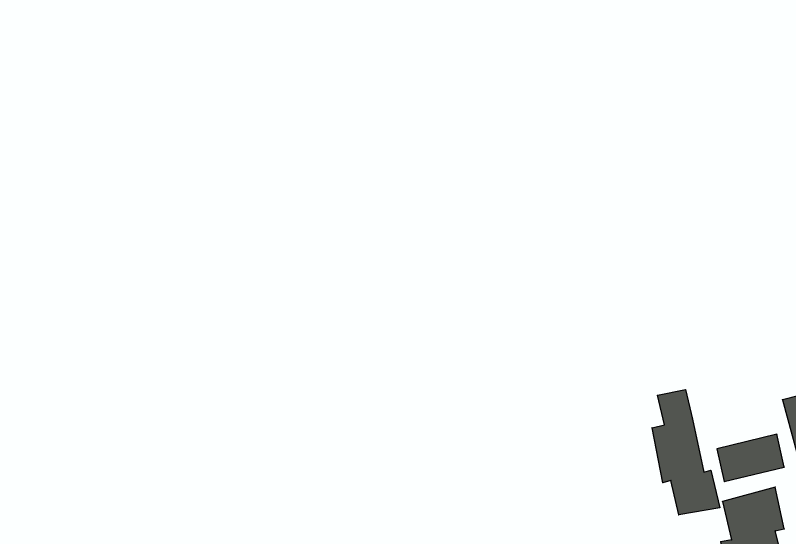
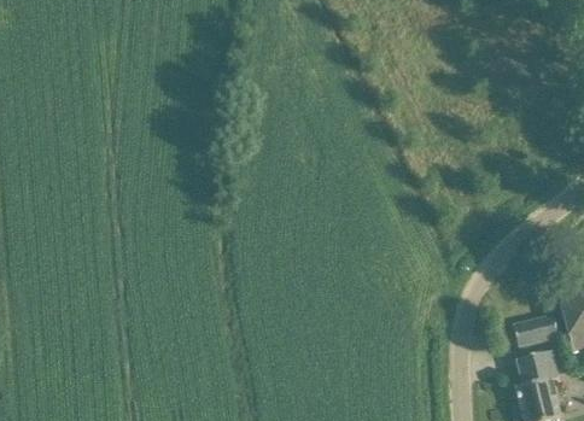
building: [652,390,720,515] -> none

